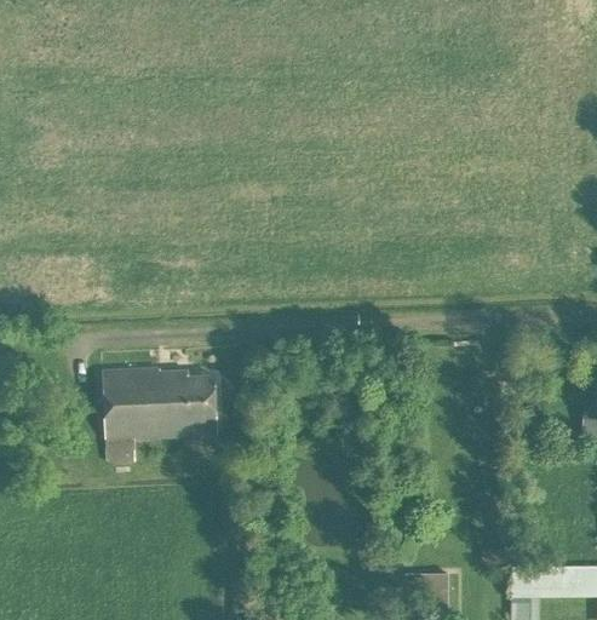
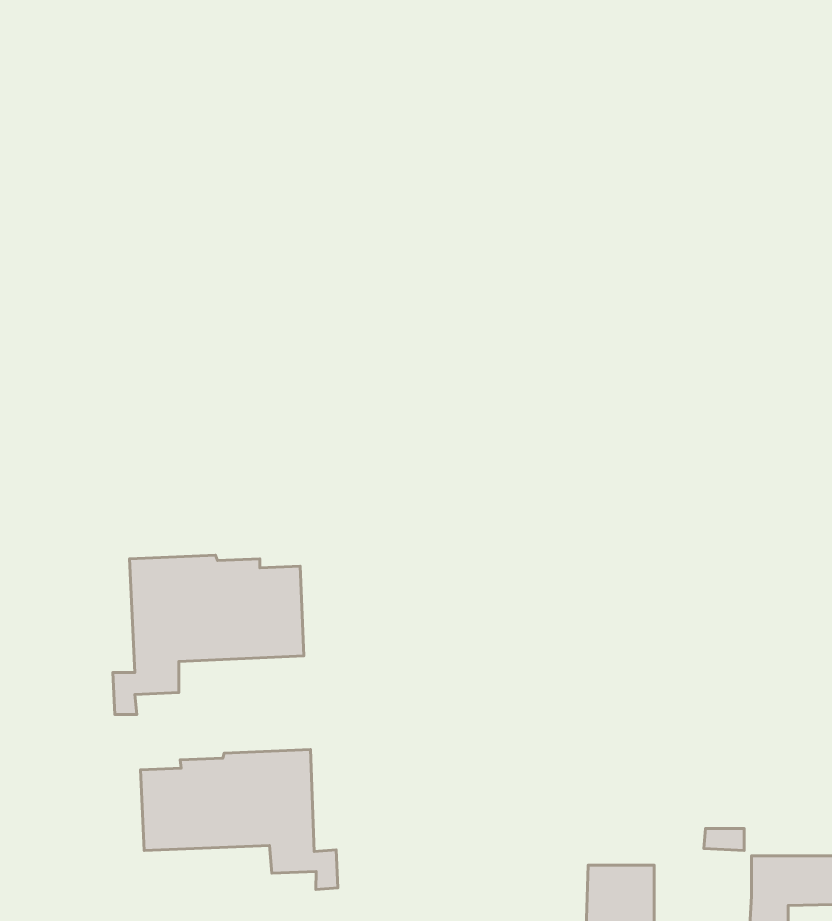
building: none -> [141,749,338,890]

